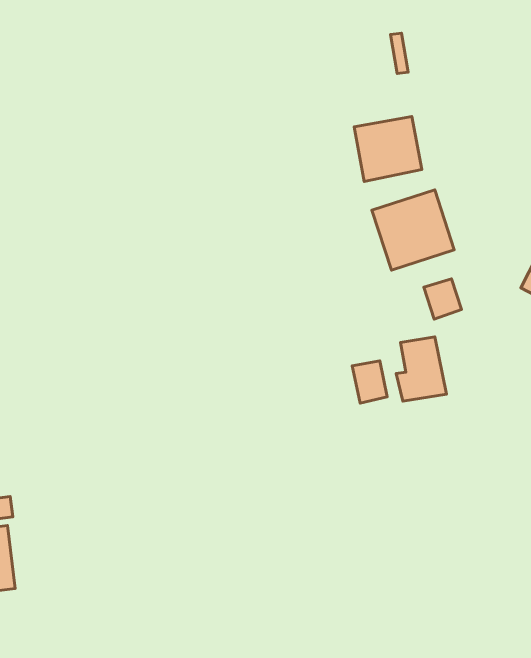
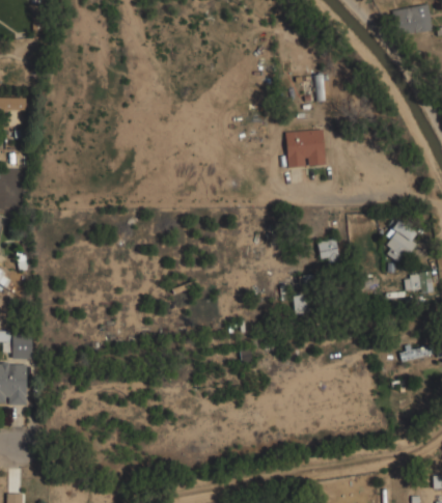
building: [372,190,454,270] -> none
building: [352,361,387,403] -> none

